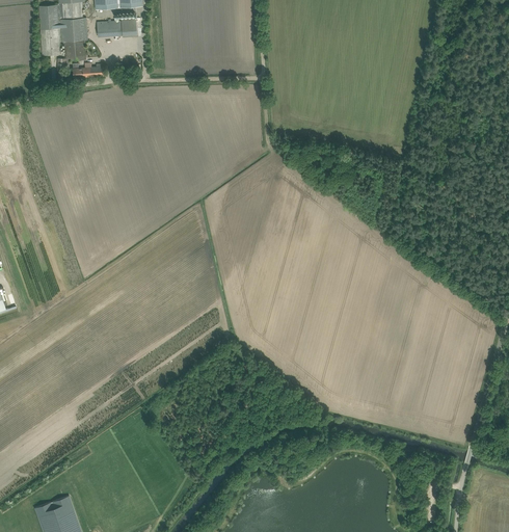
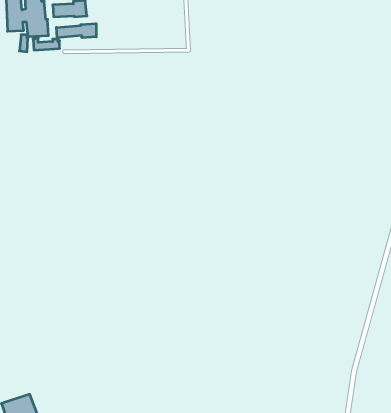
building: none -> [56,24,96,38]

